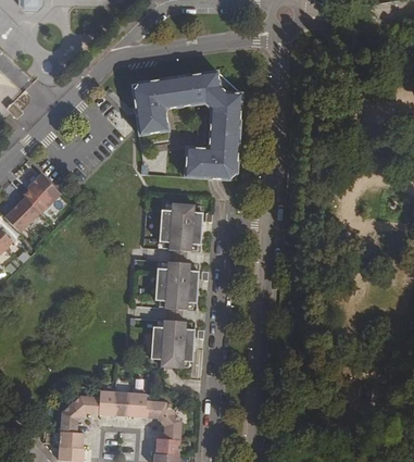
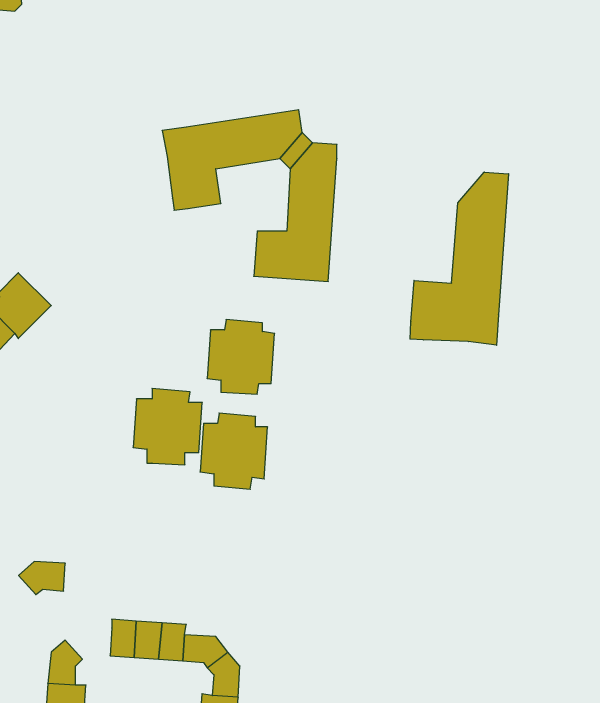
building: none -> [410,172,509,345]
building: [151,321,195,369] -> [133,388,202,465]
building: [71,396,100,416] -> [19,562,65,595]

